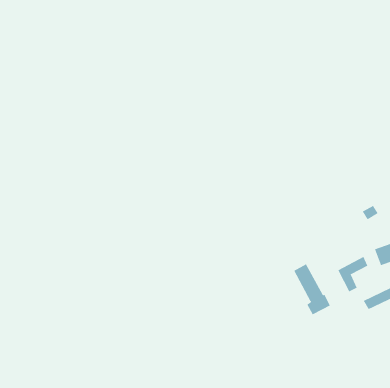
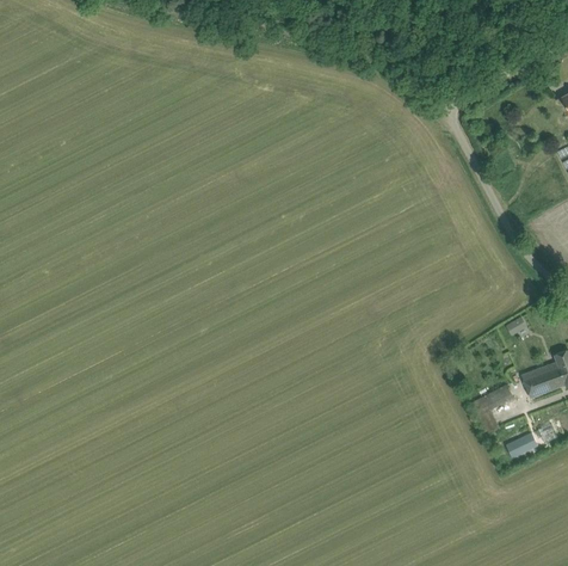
building: [293,263,330,315] -> none

